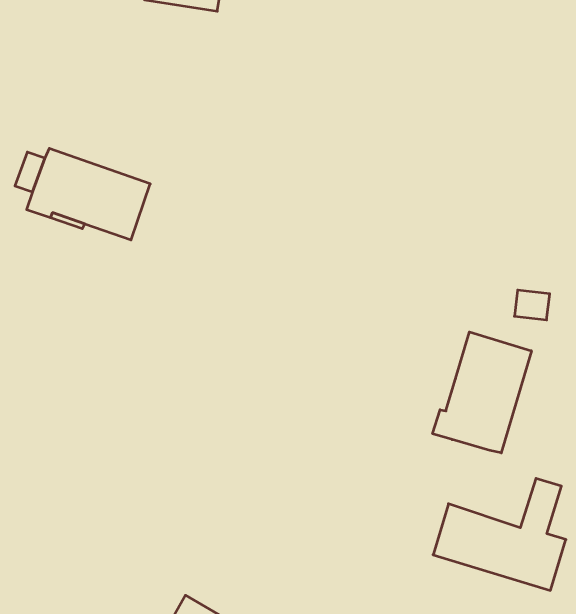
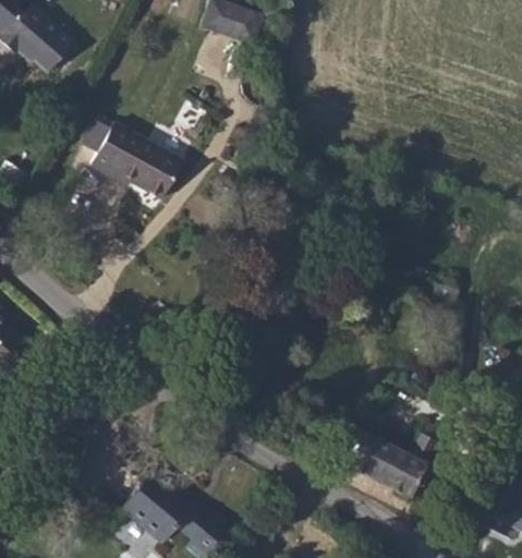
building: [433,332,531,453] -> none

